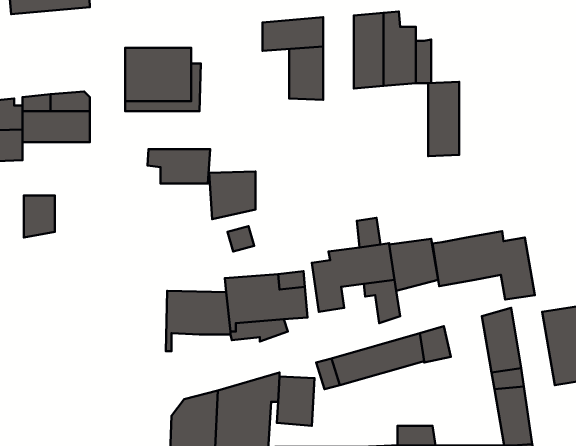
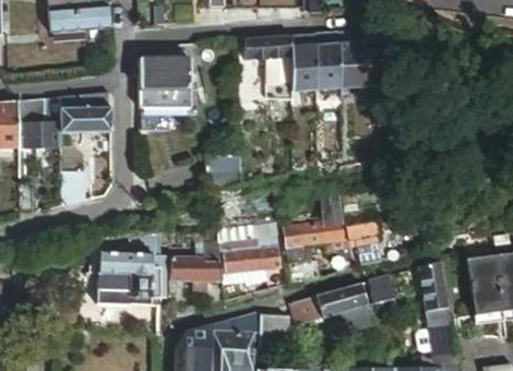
building: [428,82,459,156] -> [294,34,318,92]
building: [147,149,210,184] -> none
building: [432,231,535,299] -> none
building: none -> [90,232,160,304]

